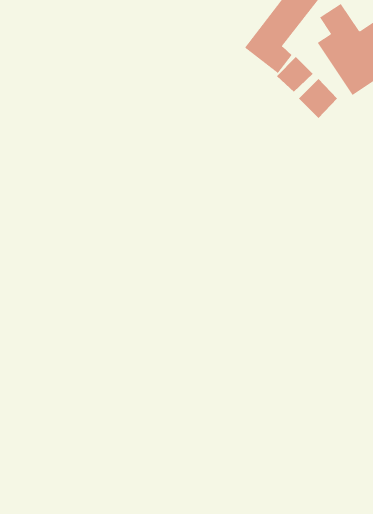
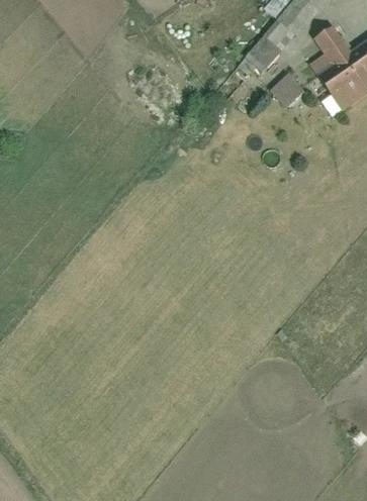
building: [298,78,338,119] -> none

